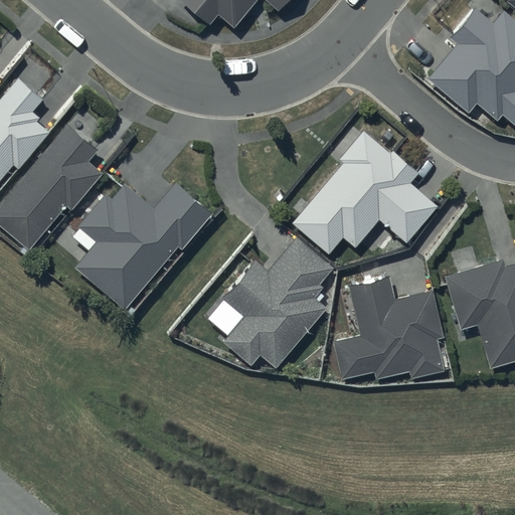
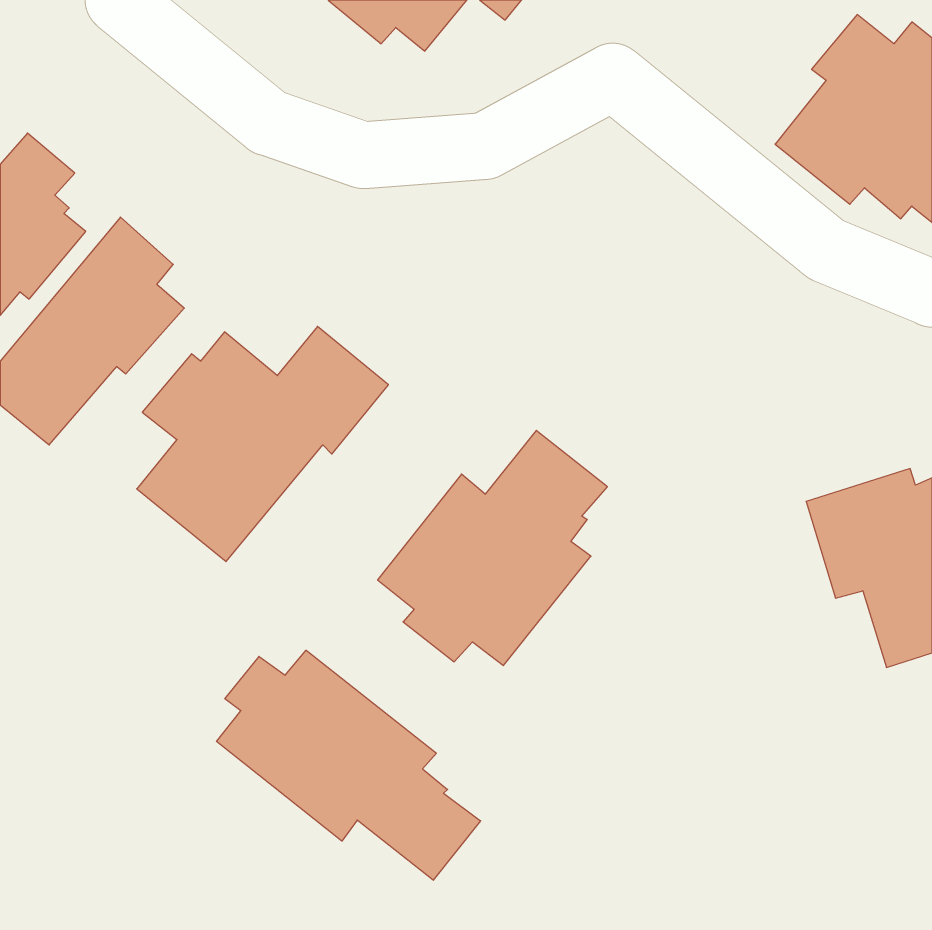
building: [292,130,436,254] -> none
building: [335,278,446,380] -> none
building: none -> [217,650,481,880]

